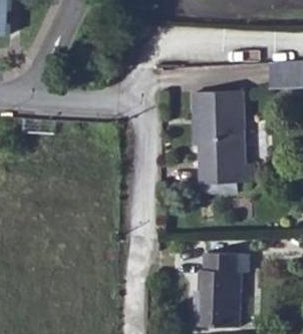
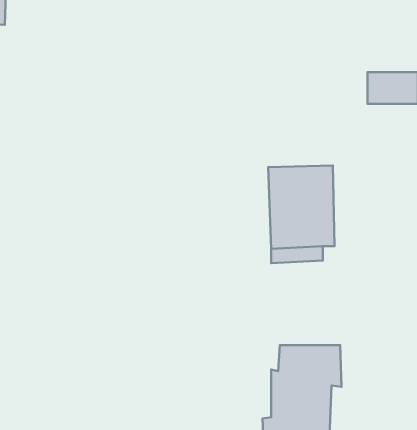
building: [194,90,243,129] -> none

